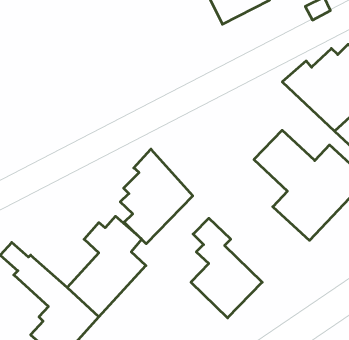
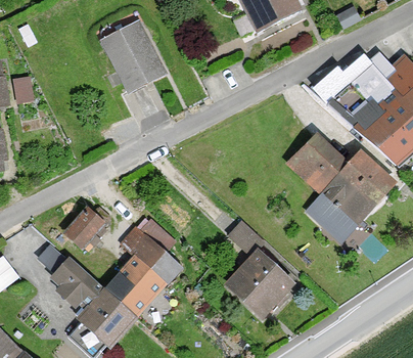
building: none -> [100,19,166,93]
building: [120,149,193,244] -> none
building: none -> [63,207,104,249]

